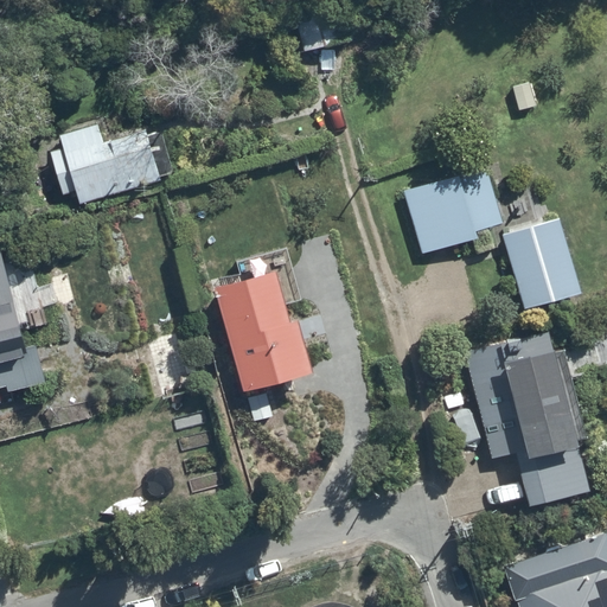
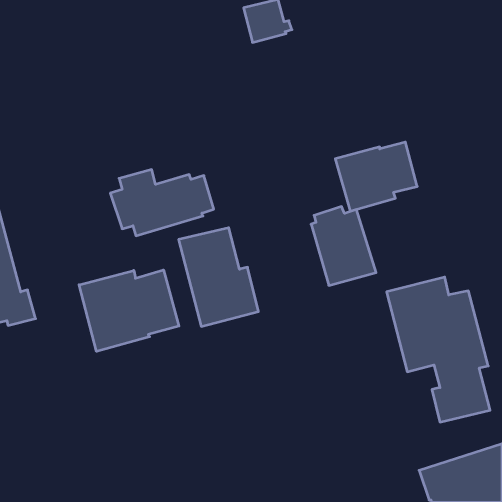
building: [49,124,173,204] -> [110,170,214,236]
building: [503,215,581,309] -> [311,207,376,285]
building: none -> [79,270,179,351]

